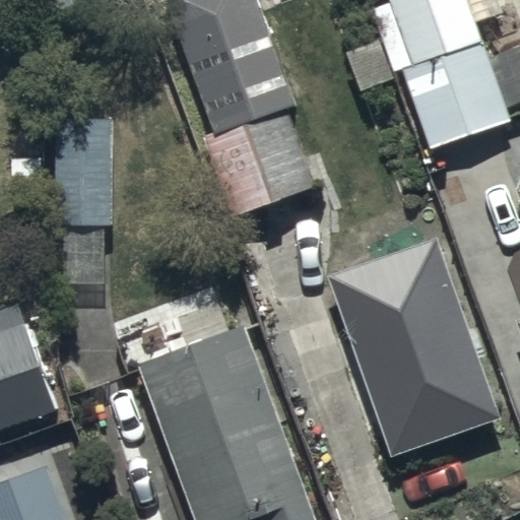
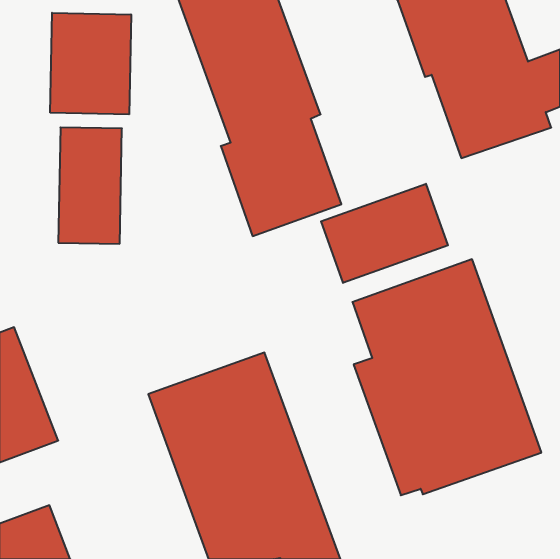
building: none -> [50,13,131,114]
building: none -> [321,184,448,283]

